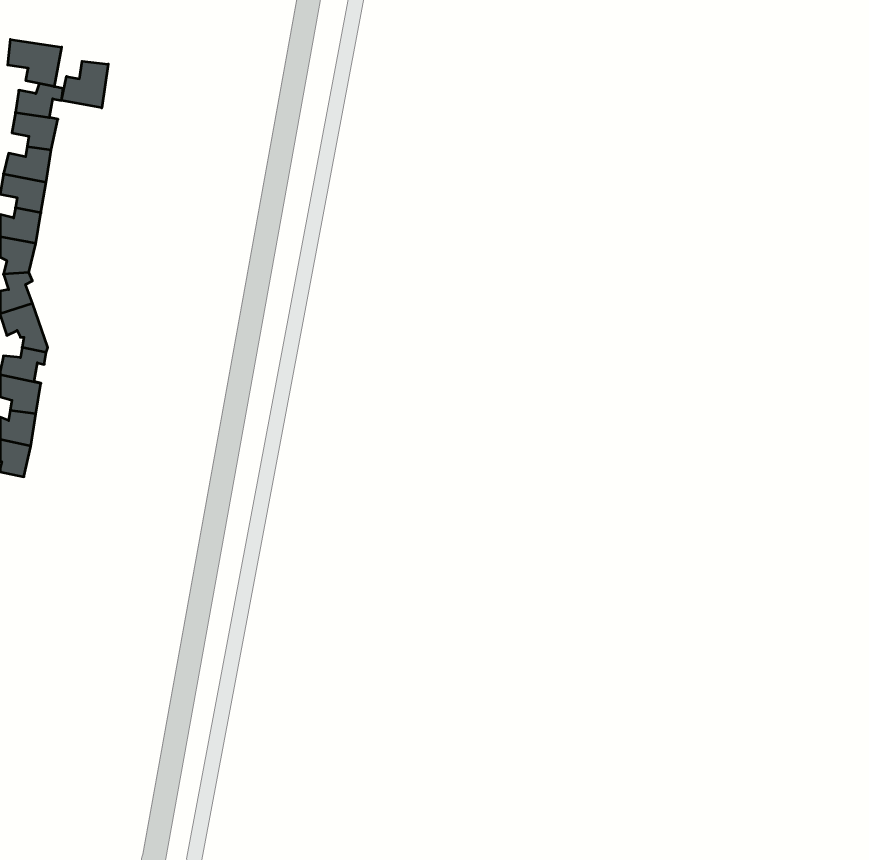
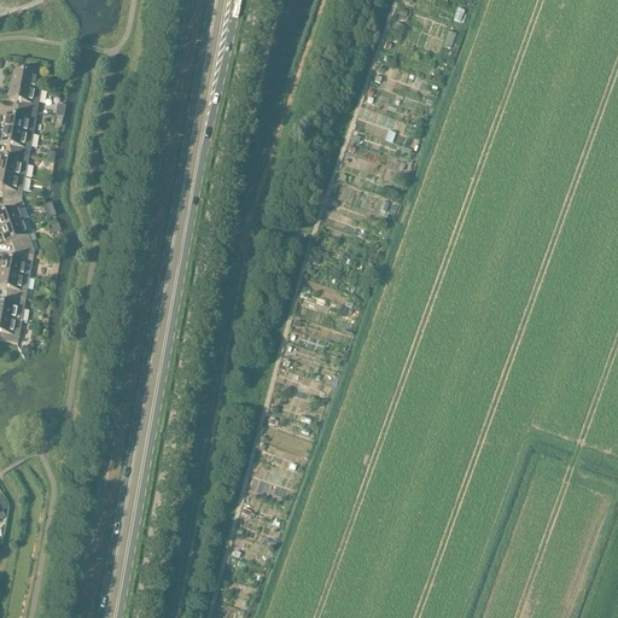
building: [8,39,62,87] -> none
building: [61,61,108,108] -> none

